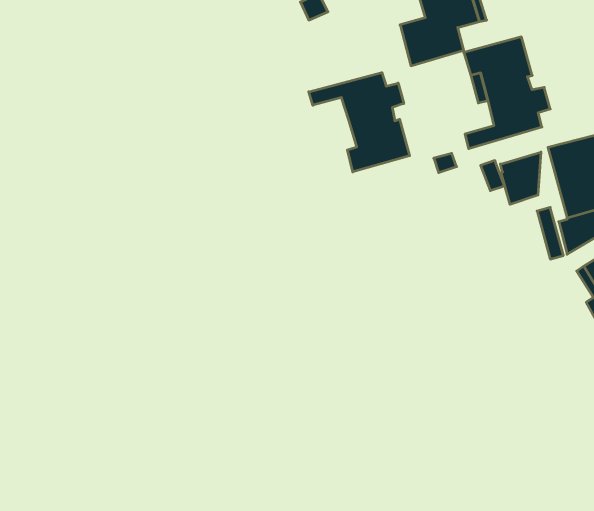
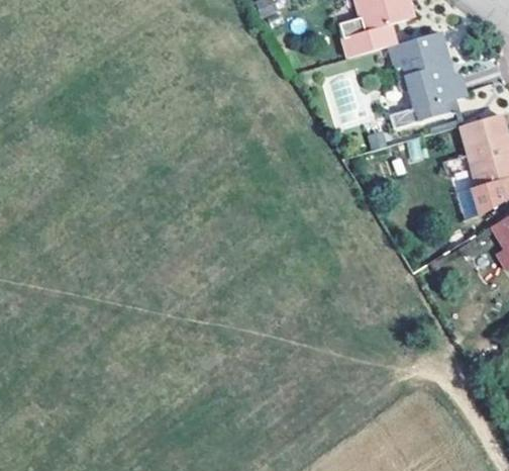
building: [309,73,410,172] -> none
building: [500,152,541,204] -> none

